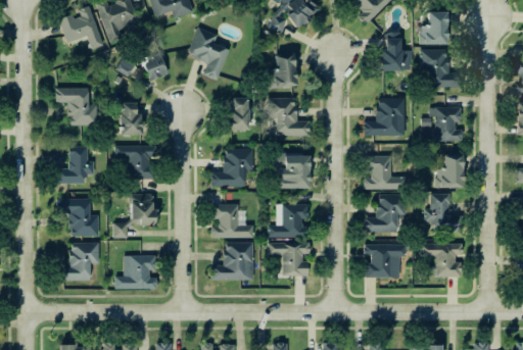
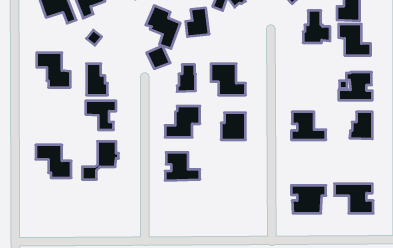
building: [142,54,171,82] -> [147,46,170,69]
building: [268,54,296,89] -> [186,8,209,37]
building: [364,98,405,137] -> none
building: [57,146,94,186] -> none
building: [424,194,450,227] -> none
building: [364,195,406,233] -> none
building: [268,205,307,238] -> none
building: [56,241,99,282] -> none
building: [211,243,253,281] -> none
building: [268,243,310,277] -> none
building: [114,253,160,289] -> none

